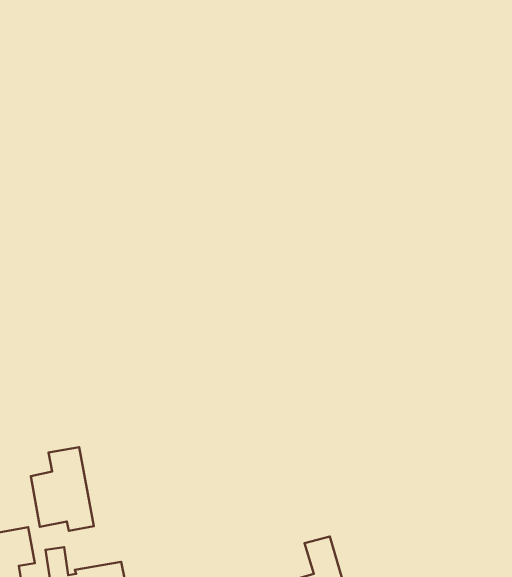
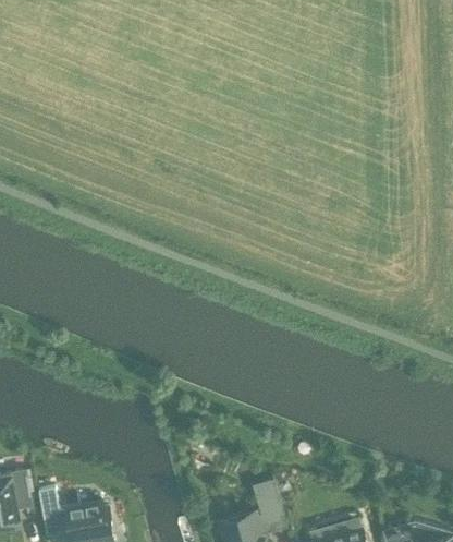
building: [31,447,94,531] -> none

